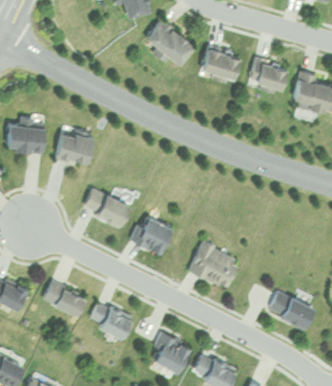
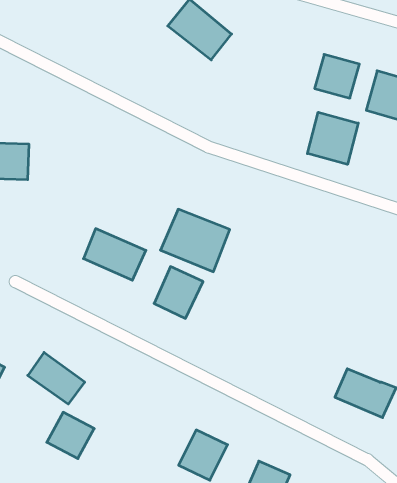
building: [201,46,240,79] -> none
building: none -> [307,112,358,164]
building: [56,129,94,165] -> none
building: [189,242,240,288] -> [160,209,230,272]
building: [97,306,132,340] -> [47,412,94,459]

